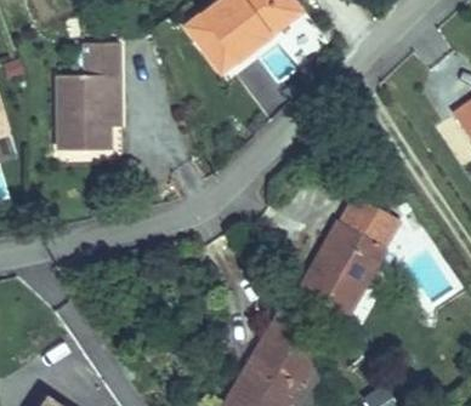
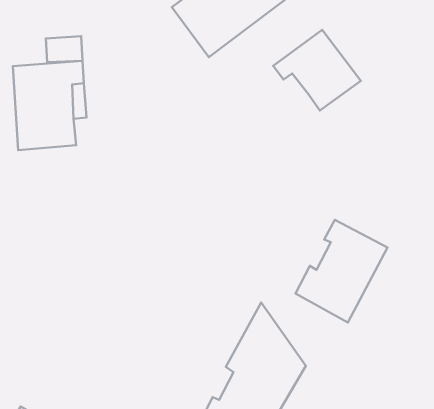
building: none -> [273,30,361,110]
building: [344,190,407,242] -> none

